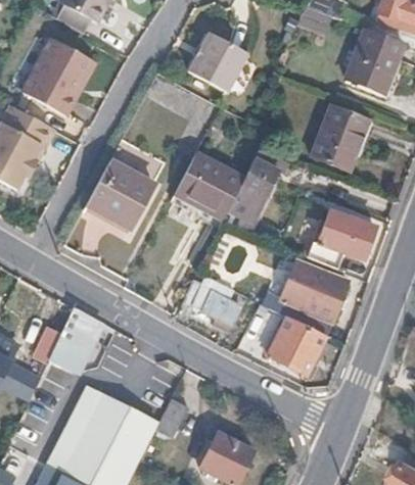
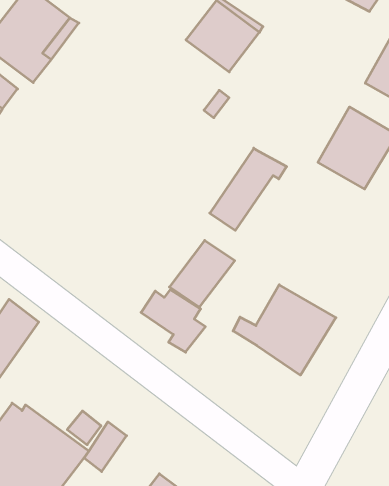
building: [174,151,225,207] -> [169,240,235,307]
building: [86,159,152,225] -> none
building: [314,213,373,264] -> none
building: [266,312,324,373] -> none

